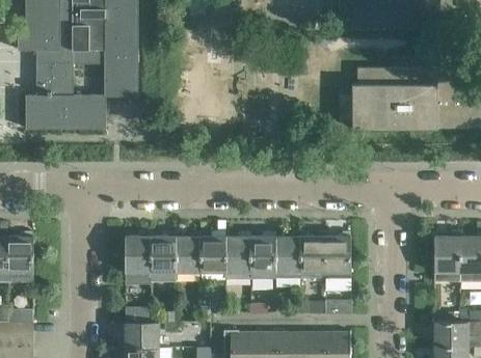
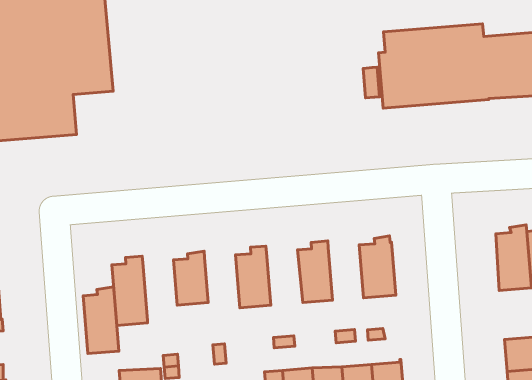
building: [150,230,175,282] -> [83,287,119,354]
building: [199,230,224,272] -> none
building: [249,230,275,278] -> none
building: [299,230,324,278] -> none

